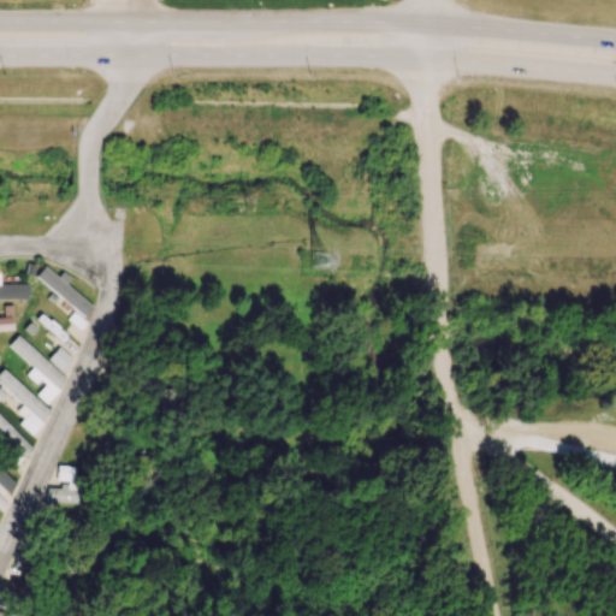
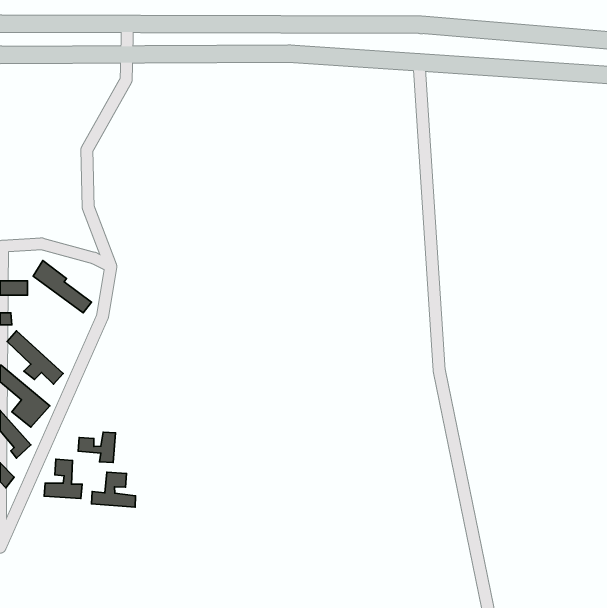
building: none -> [78,432,116,463]
building: none -> [92,472,136,507]

